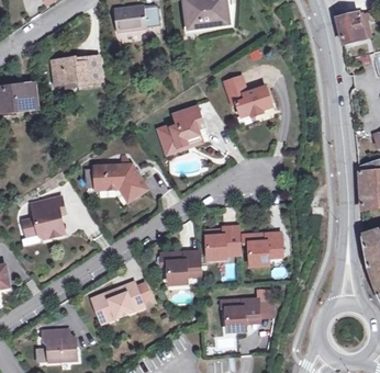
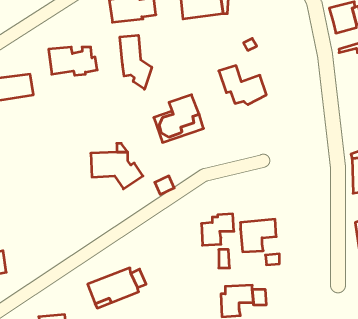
building: none -> [120,35,152,89]
building: [22,196,64,237] -> none
building: [166,252,200,284] -> none

